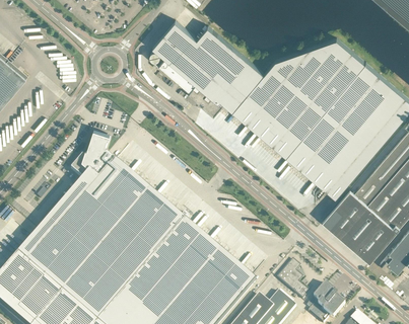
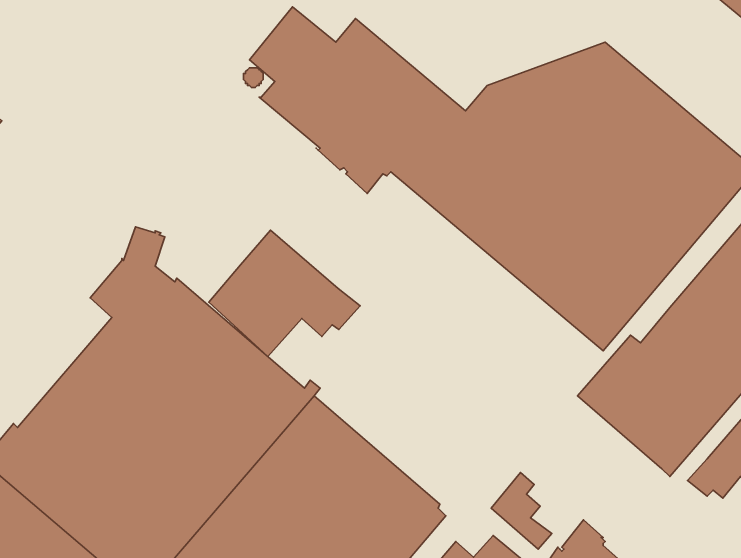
building: none -> [209,230,360,357]

